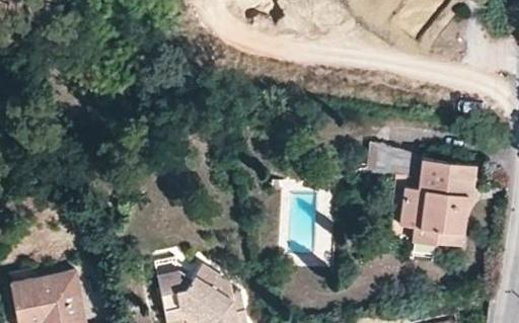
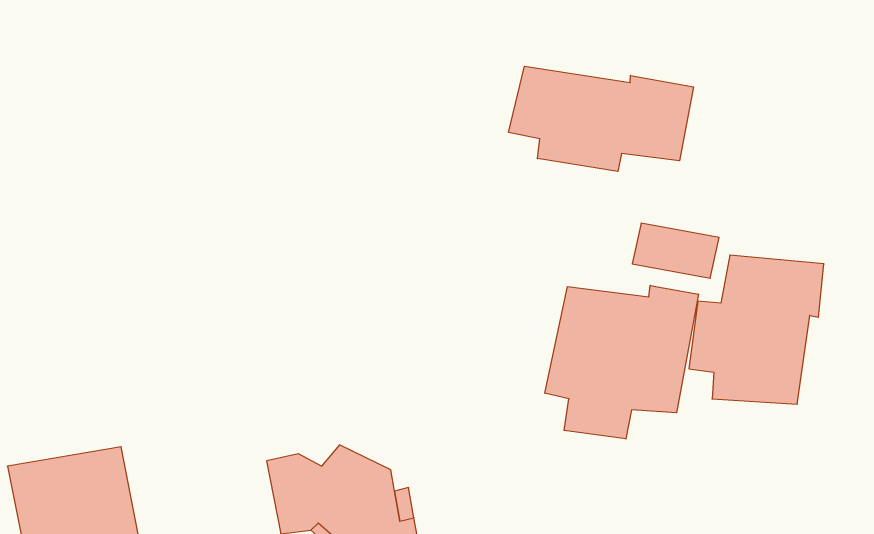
building: none -> [509,66,693,171]
building: none -> [545,285,698,439]

